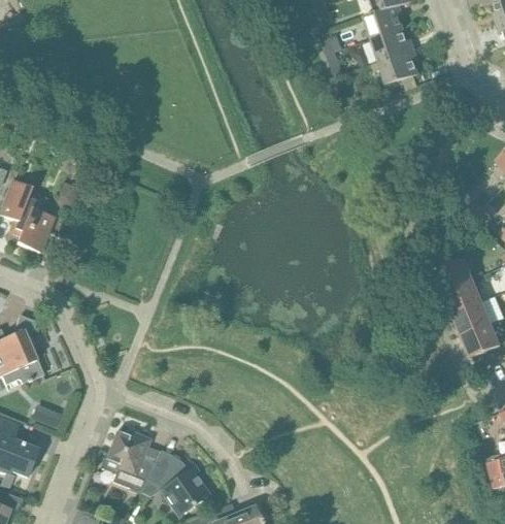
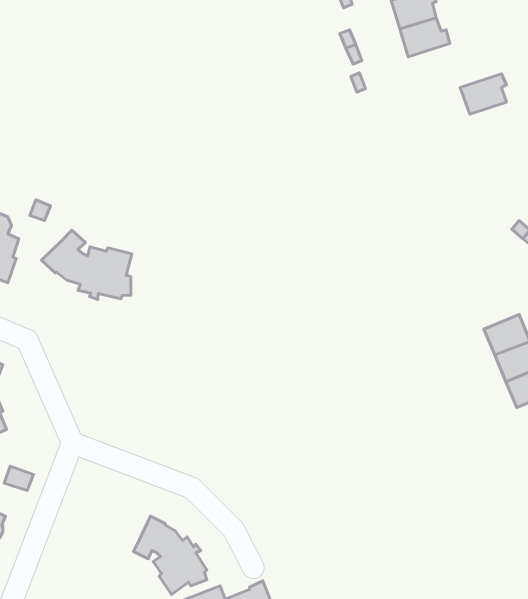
building: [379,51,418,85] -> [460,74,506,114]
building: none -> [42,230,132,299]
building: [435,258,473,292] -> none
building: [106,431,153,493] -> none

